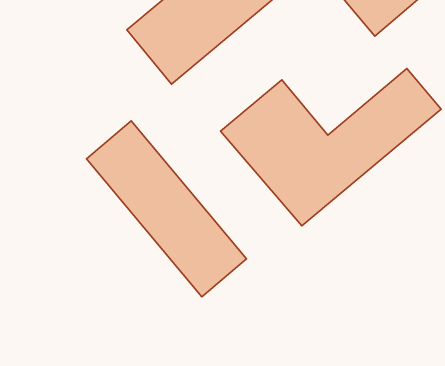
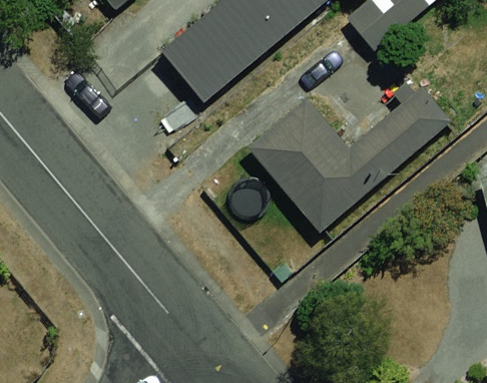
building: [87,121,246,297] -> none

